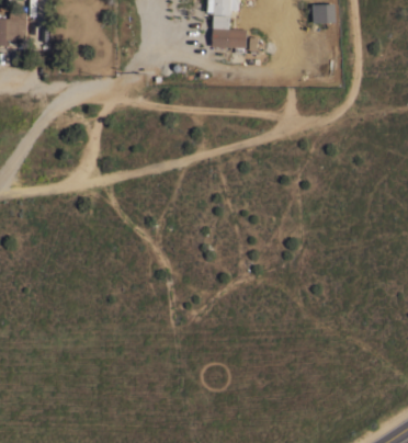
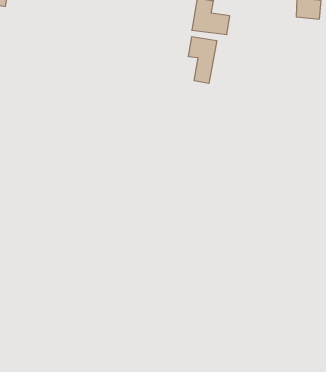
building: none -> [189,37,217,83]

